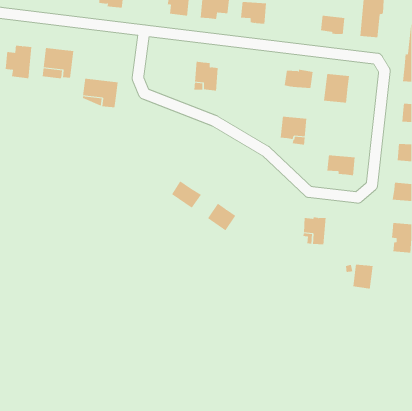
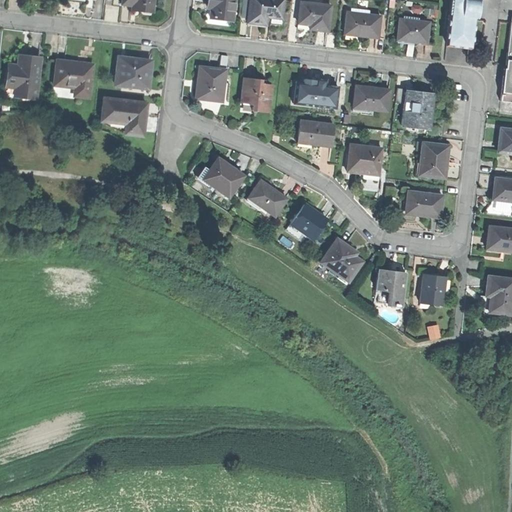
building: none -> [345,11,380,37]
building: none -> [115,58,151,87]
building: none -> [197,66,225,100]
building: none -> [301,79,338,108]
building: none -> [297,120,334,147]
building: none -> [419,142,447,177]
building: none -> [203,156,244,196]
building: [171,180,202,209] -> [249,180,287,215]
building: none -> [322,238,362,280]
building: [207,203,236,231] -> [291,203,327,238]
building: [353,264,374,289] -> [419,274,445,305]

